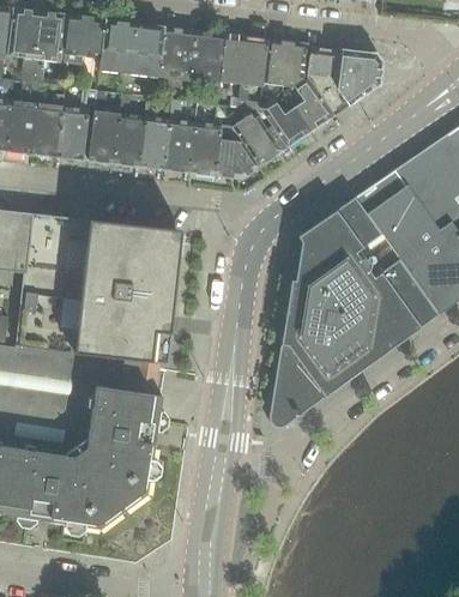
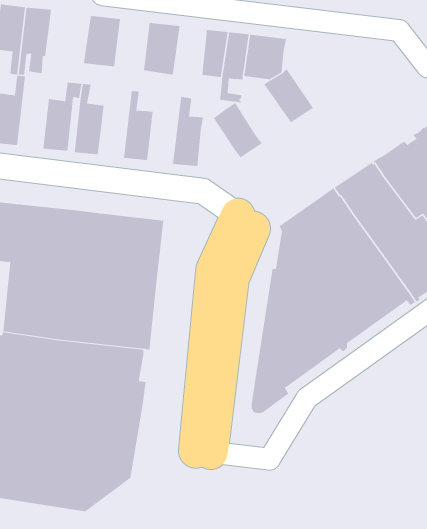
building: [64,16,105,65] -> none
building: [131,24,165,77] -> none
building: [191,31,224,85] -> none
building: [307,47,382,115] -> none
building: [31,83,65,157] -> none
building: [259,91,310,147] -> none
building: [114,94,145,167] -> none
building: [164,100,195,173] -> none
building: [216,138,259,179] -> none

